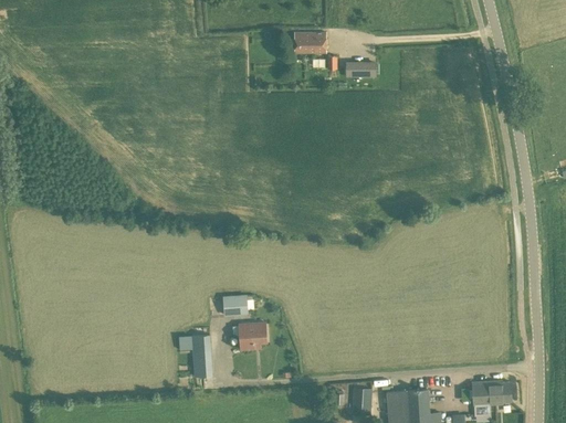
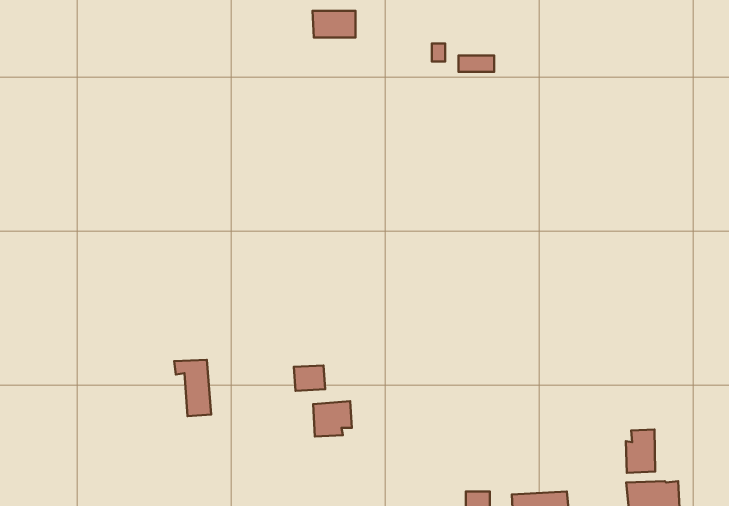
building: [293,33,325,53] -> [312,11,355,38]
building: [184,335,211,377] -> [174,360,211,416]
building: none -> [626,430,655,473]

